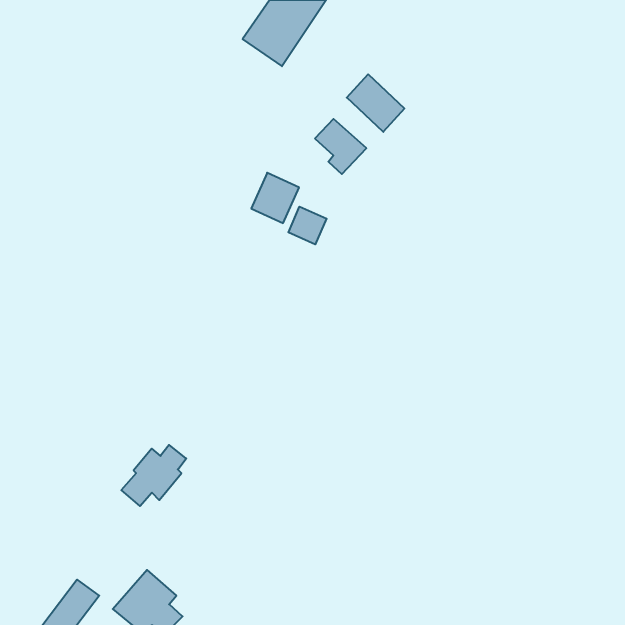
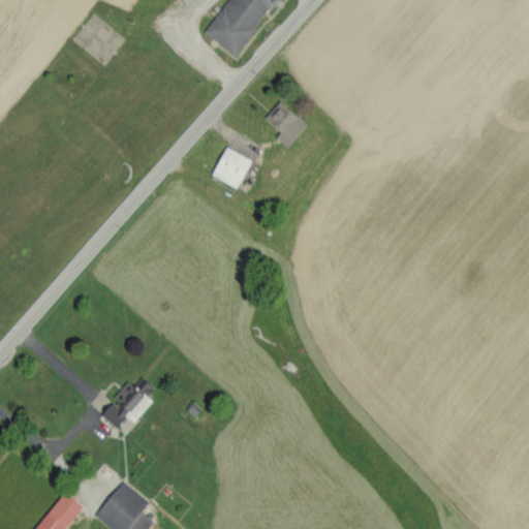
building: [347,74,404,132] -> none
building: [288,207,327,244] -> none

